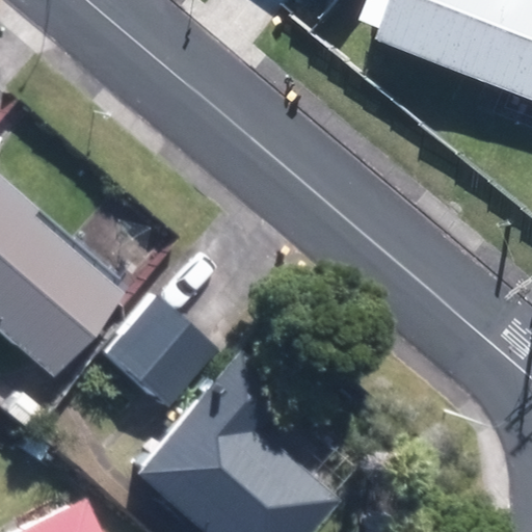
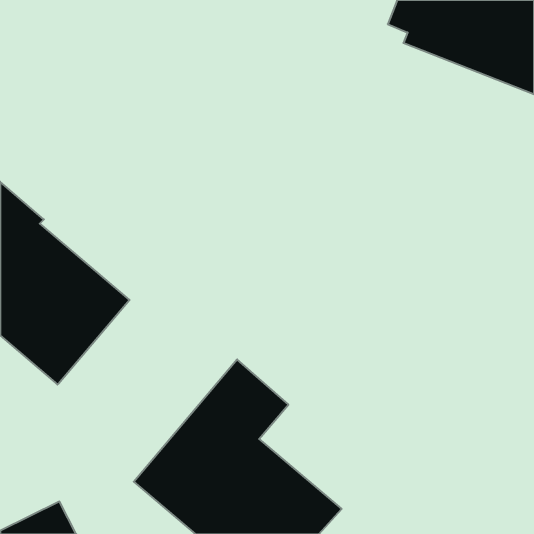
building: [102,296,219,414] -> none

